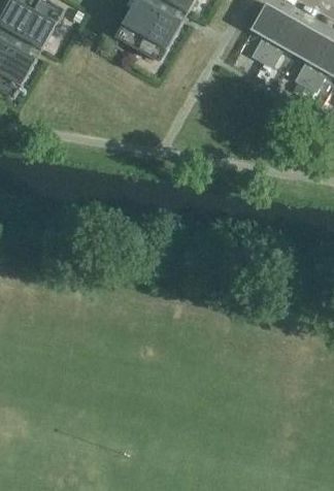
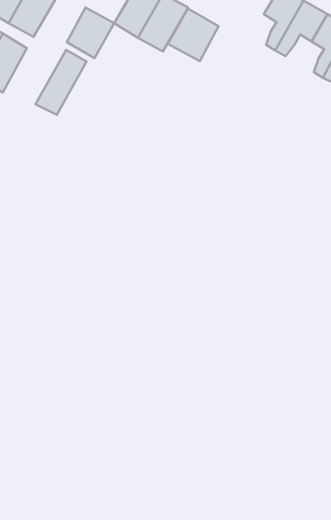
building: none -> [67,8,114,58]
building: none -> [168,8,219,61]
building: none -> [35,50,87,115]

